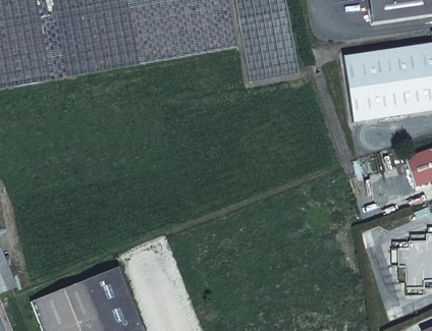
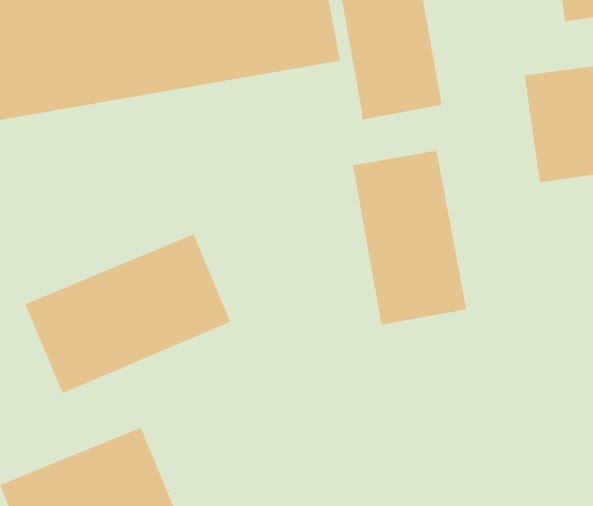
building: none -> [352,150,467,325]
building: none -> [24,233,231,394]

